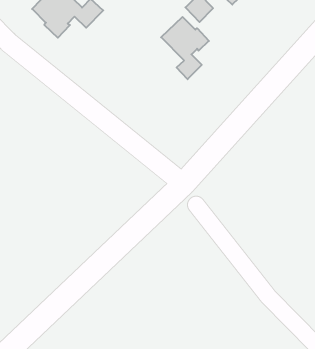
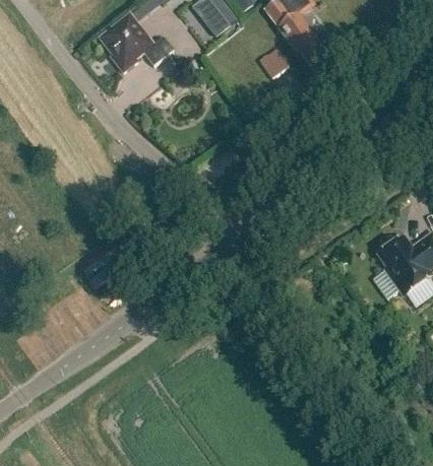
building: [161,17,209,79] -> none

